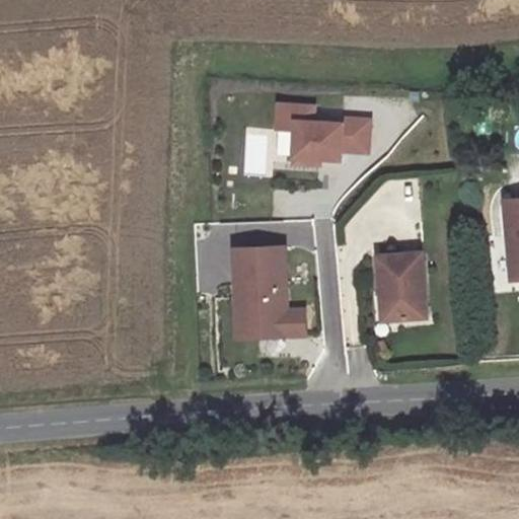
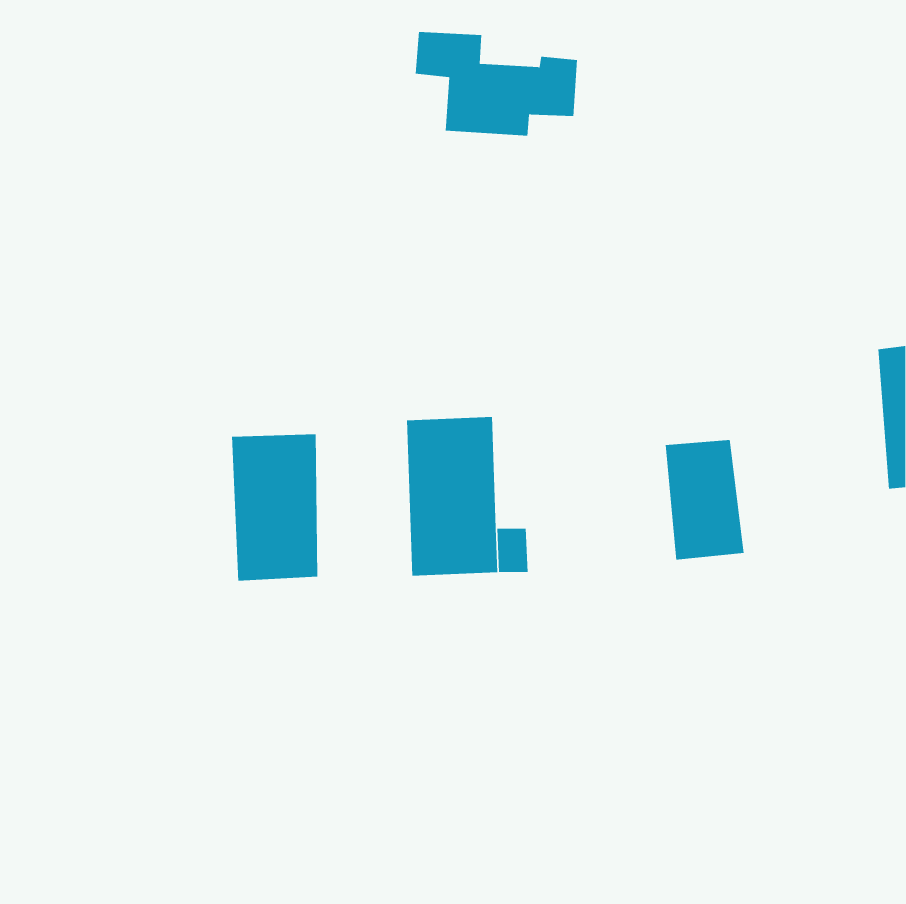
building: [279,105,372,165] -> [415,31,578,136]
building: none -> [232,433,318,582]

